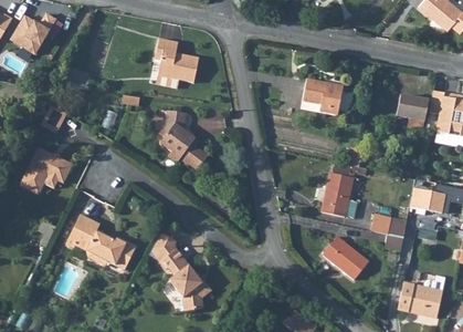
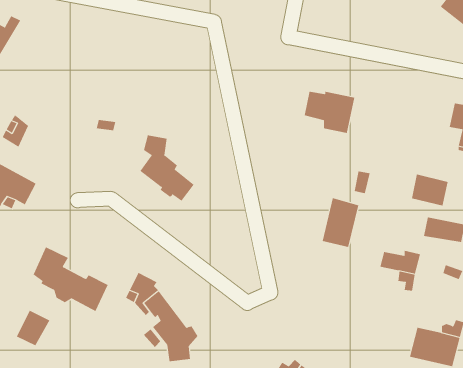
building: [155,41,198,85] -> none
building: [396,94,428,122] -> [411,174,448,206]
building: [316,237,362,281] -> none
building: none -> [16,310,50,346]

